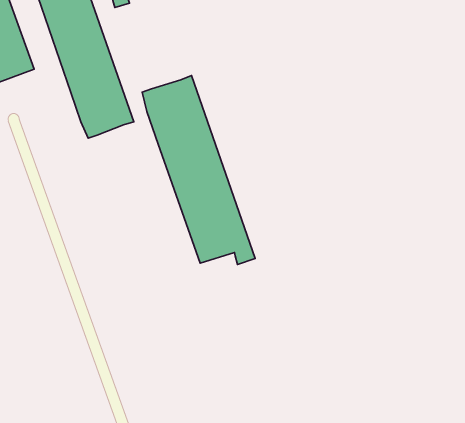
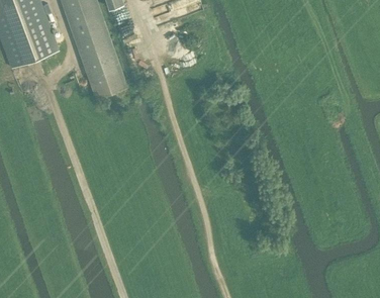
building: [142,75,255,264] -> none

